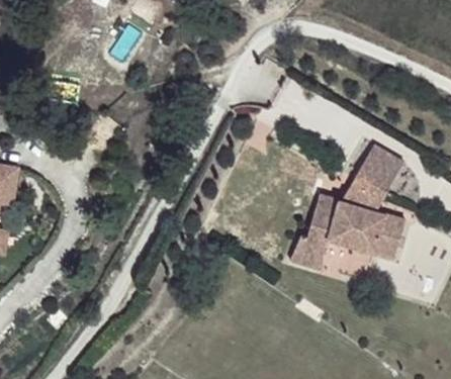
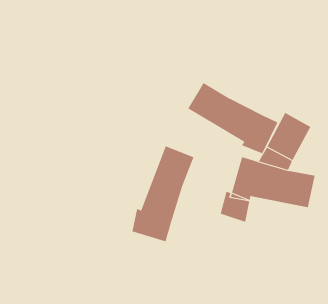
building: none -> [188,82,278,154]
building: none -> [132,146,194,242]

